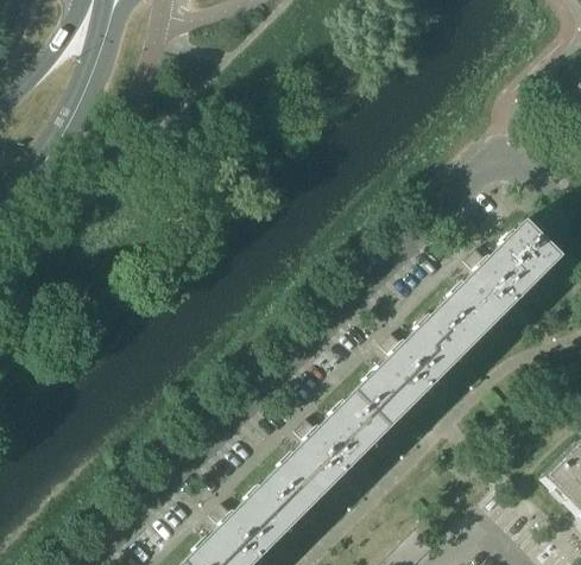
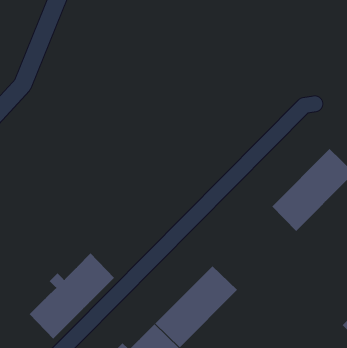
building: [356,304,478,425] -> none
building: none -> [29,253,115,340]

